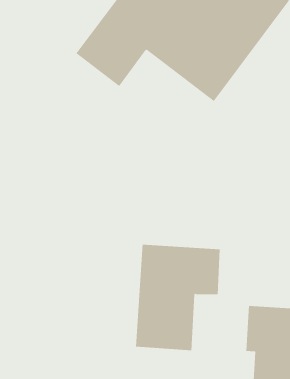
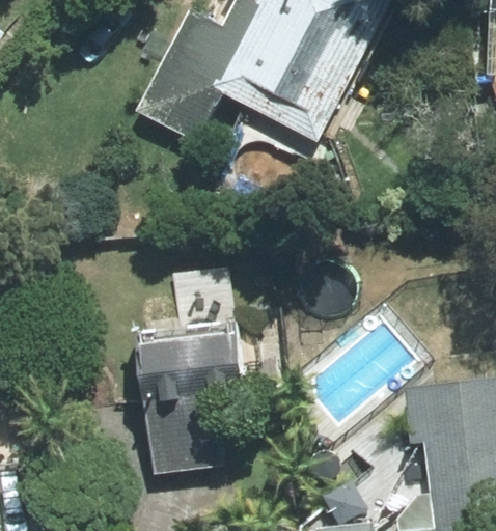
building: [135,244,221,351] -> [138,334,244,473]

